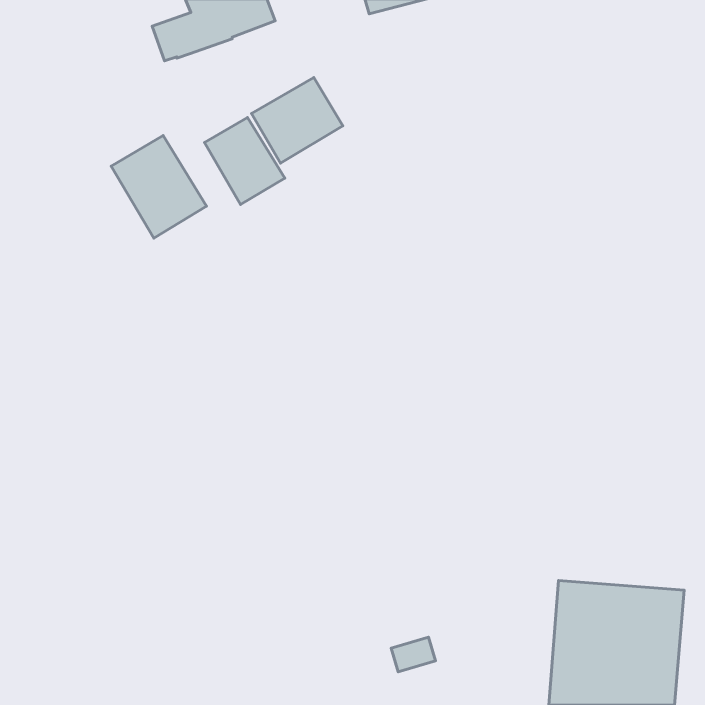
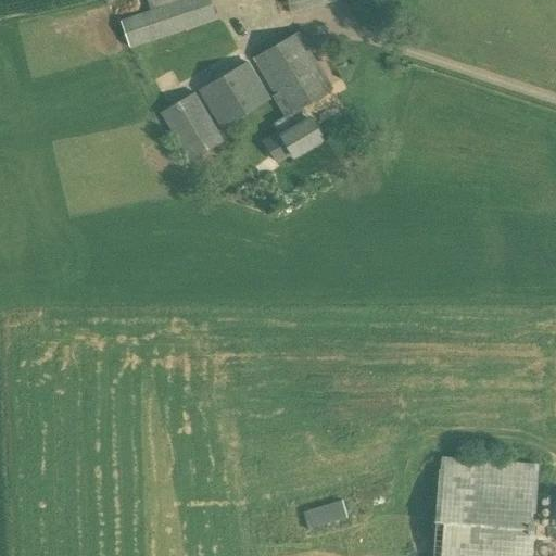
building: none -> [254,31,334,163]
building: [111,136,206,238] -> none

